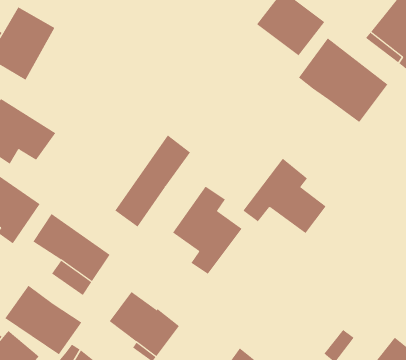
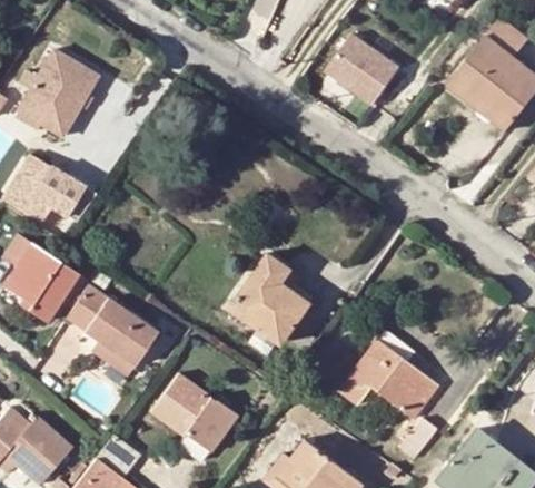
building: [298,38,388,123] -> none
building: [114,135,191,228] -> none
building: [243,158,326,234] -> [341,330,437,417]
building: [4,285,82,355] -> none

